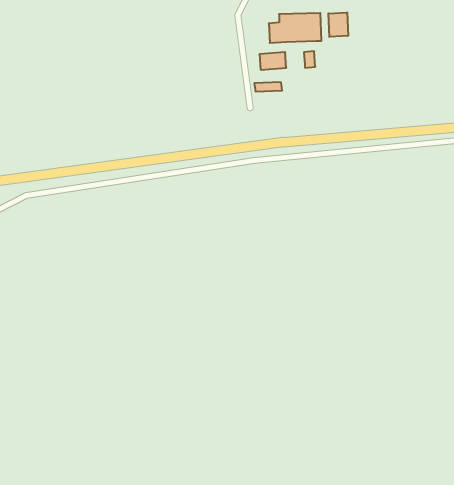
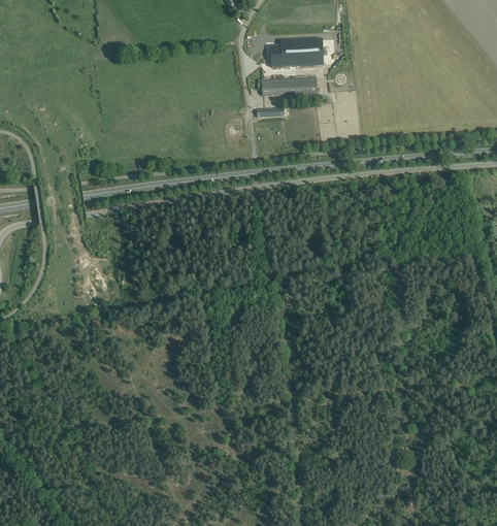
building: [328,12,348,37] -> none

